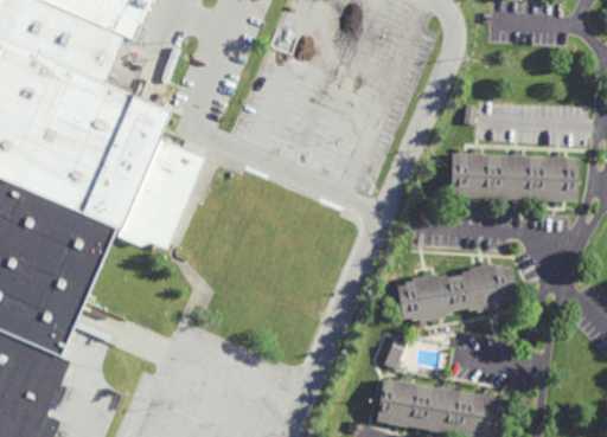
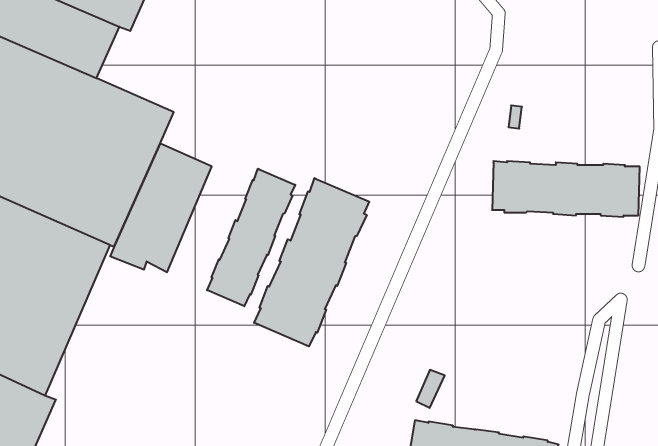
building: none -> [207,169,295,306]
building: none -> [254,178,369,346]
building: [396,264,517,322] -> none

